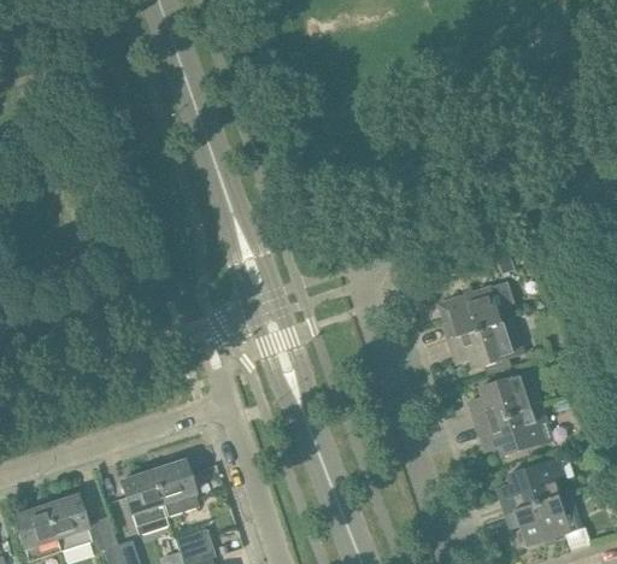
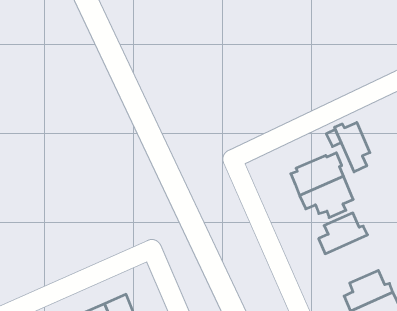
building: none -> [335,122,370,172]
building: [477,406,547,457] -> none

